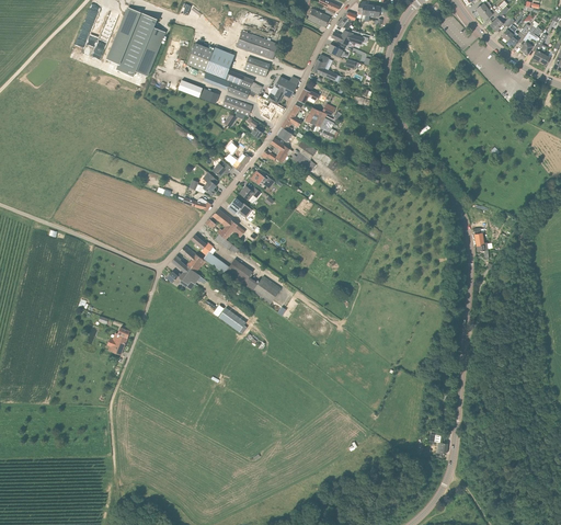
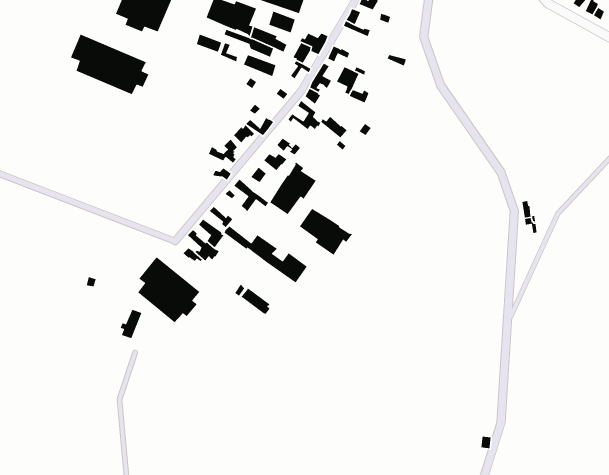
building: none -> [70,34,149,95]
building: none -> [269,161,317,215]
building: none -> [299,208,353,256]
building: none -> [137,256,200,323]

